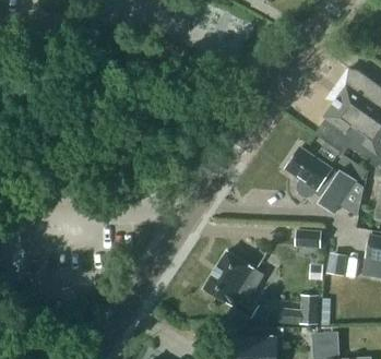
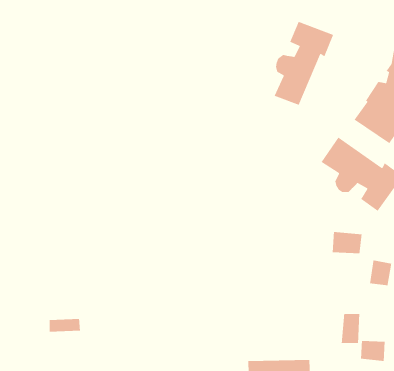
building: none -> [274,21,334,106]
building: [203,251,258,314] -> none

